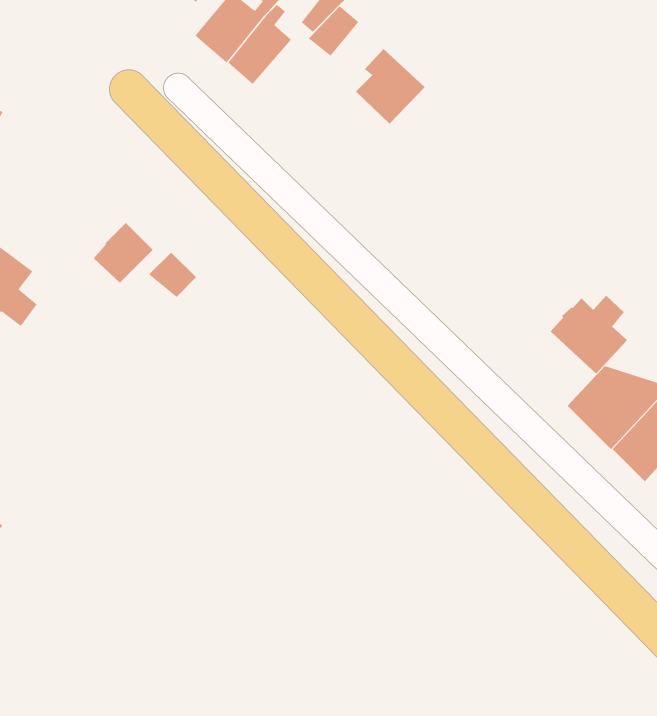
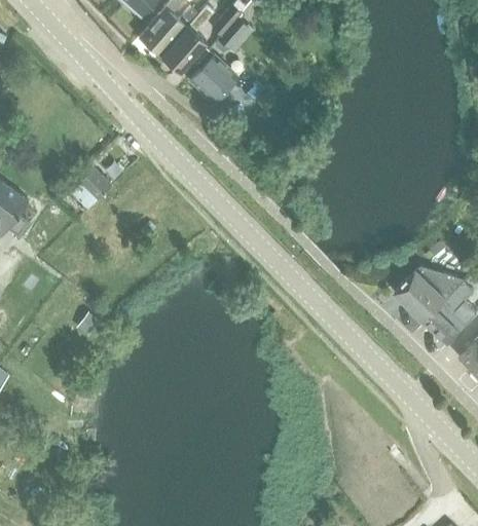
building: [355,48,425,124] -> [190,50,238,103]
building: [148,252,197,298] -> none
building: [550,295,628,374] -> none

